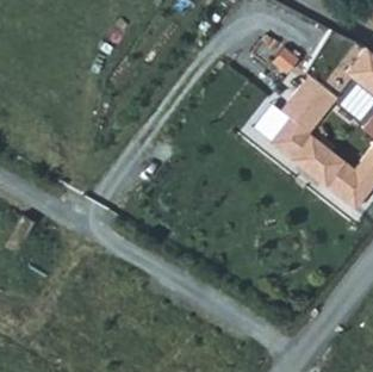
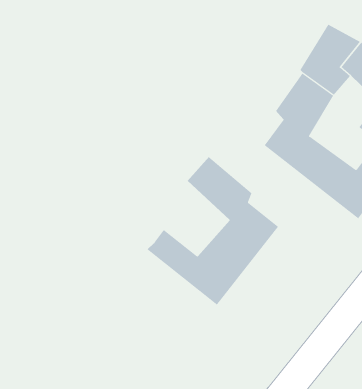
building: none -> [147,156,279,306]

